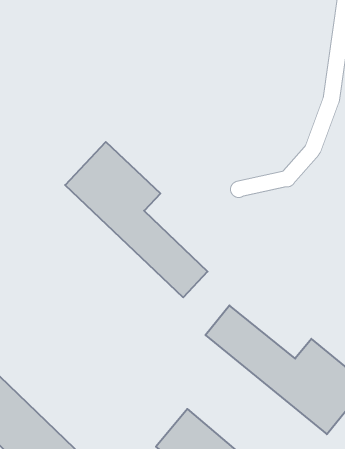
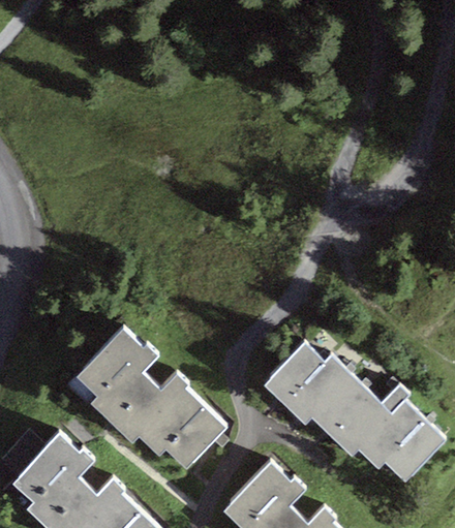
building: [65,142,208,297] -> none
building: none -> [77,340,216,476]

